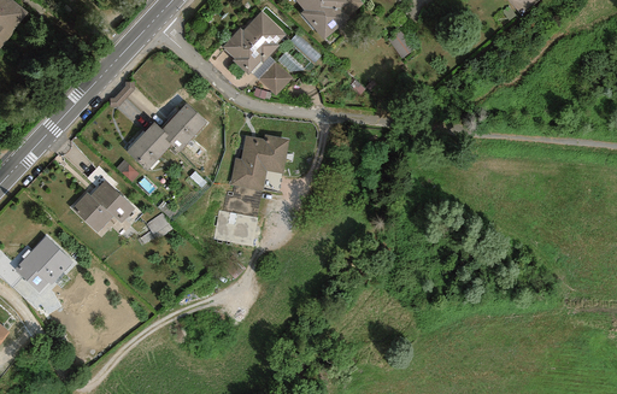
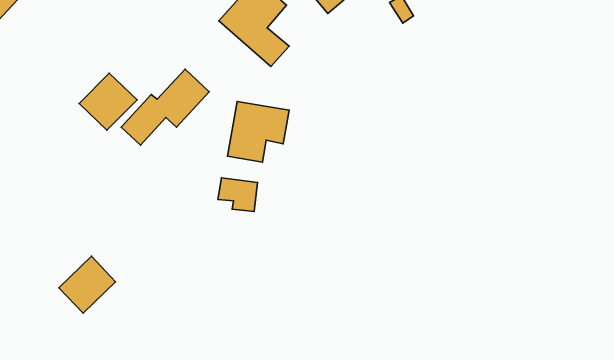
building: [72,178,130,235] -> [79,73,137,130]
building: [14,235,71,292] -> [59,256,116,313]

